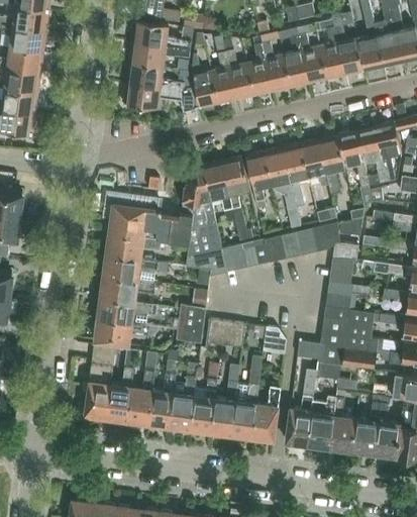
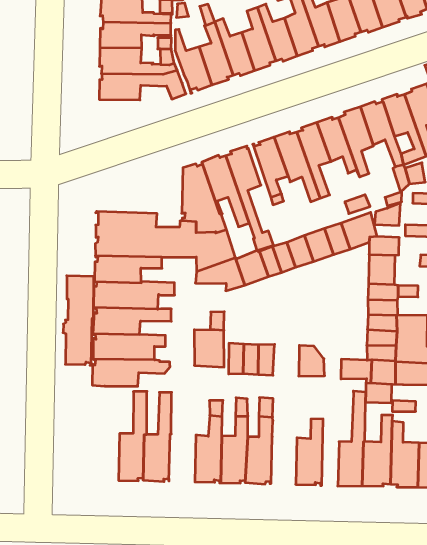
building: [85,345,116,421] -> [63,276,94,365]
building: [231,356,263,440] -> none
building: [147,360,178,429] -> none

